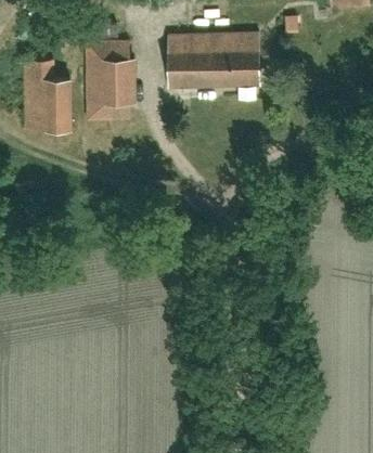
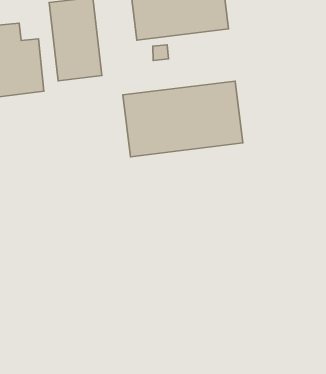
building: none -> [123,81,243,157]

